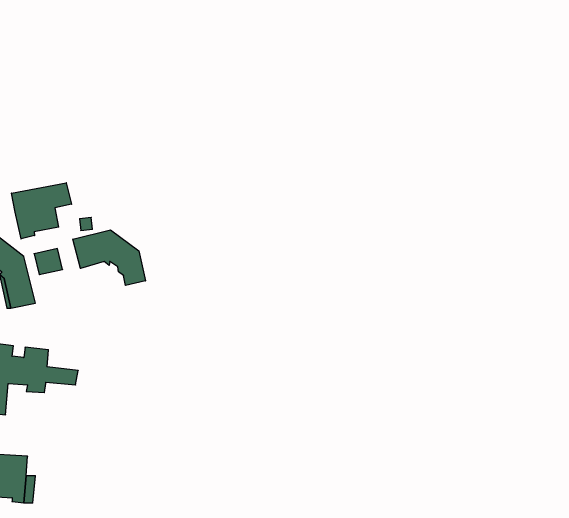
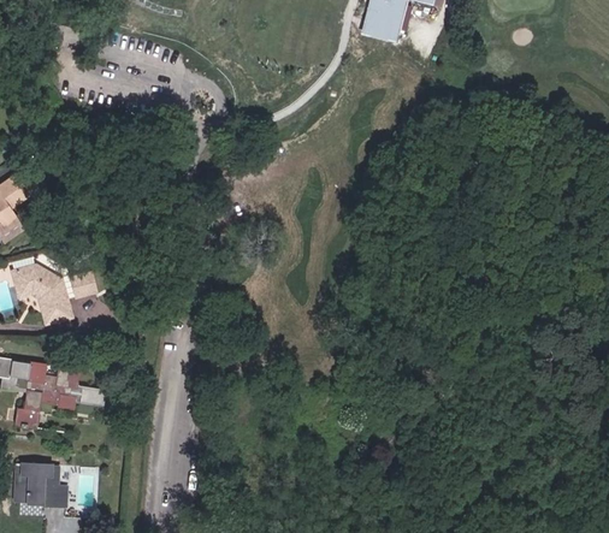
building: [12,183,72,239] -> none
building: [73,230,145,285] -> none

